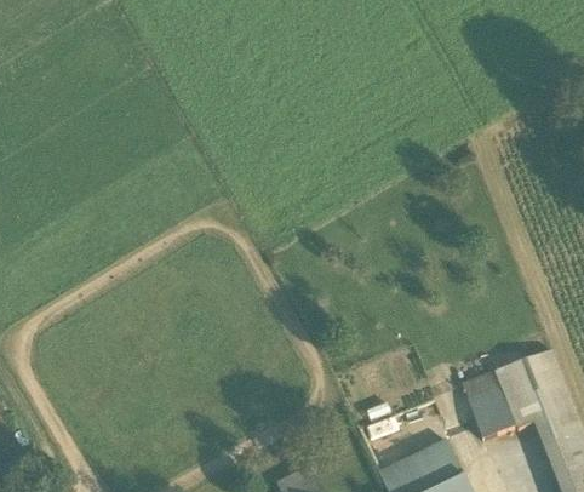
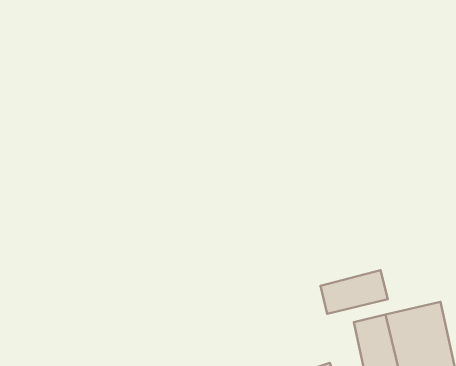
building: none -> [321,270,388,314]

